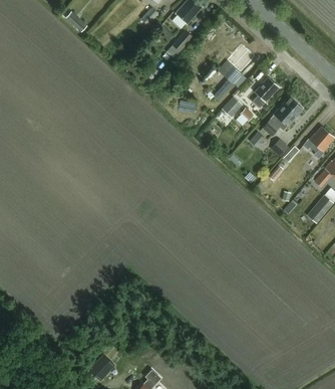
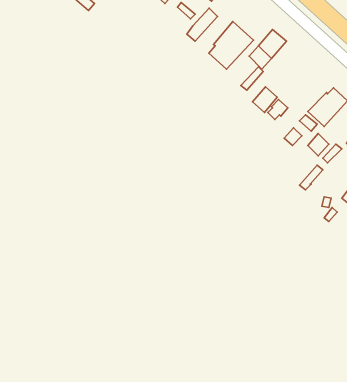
building: none -> [209,21,253,69]
building: [254,77,280,108] -> none

